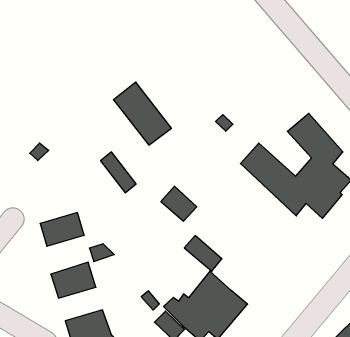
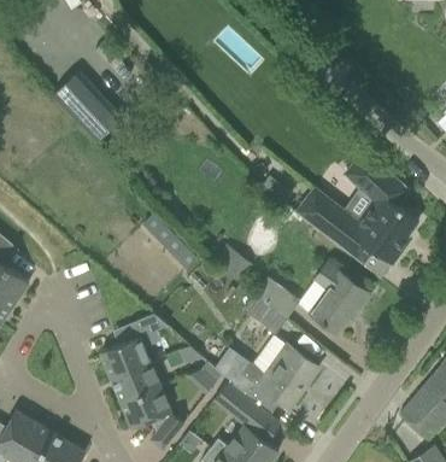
building: [113,82,171,145] -> [53,71,119,139]
building: none -> [310,263,370,332]
building: [40,213,84,246] -> [111,362,160,402]
building: none -> [254,277,299,318]

